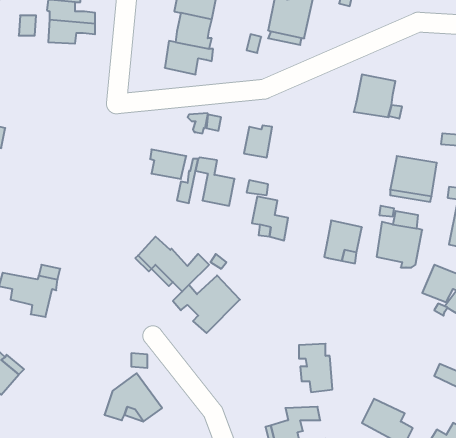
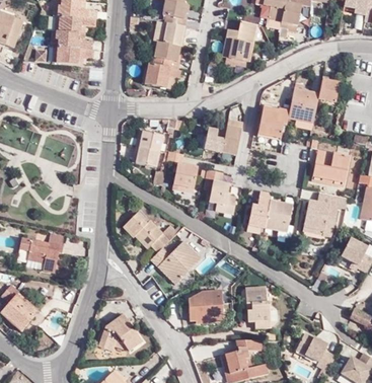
building: none -> [317,76,340,104]
building: none -> [258,106,290,137]
building: none -> [222,119,244,154]
building: none -> [135,131,164,150]
building: none -> [247,189,273,233]
building: none -> [189,291,224,323]

